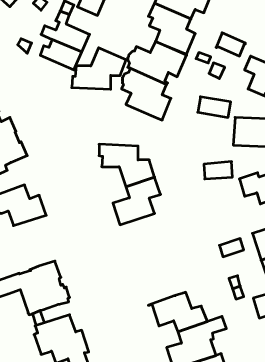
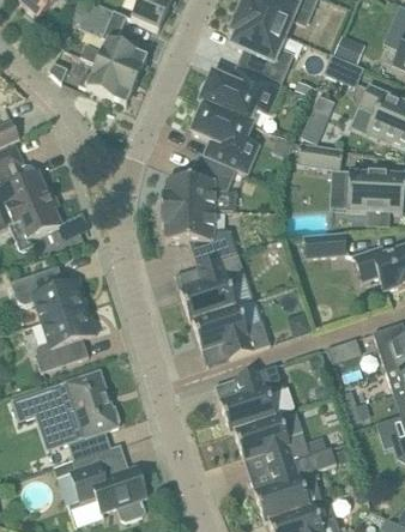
building: [72,48,126,89] -> [161,152,236,210]
building: none -> [189,303,270,357]
building: none -> [35,306,96,371]
building: none -> [219,363,284,430]

